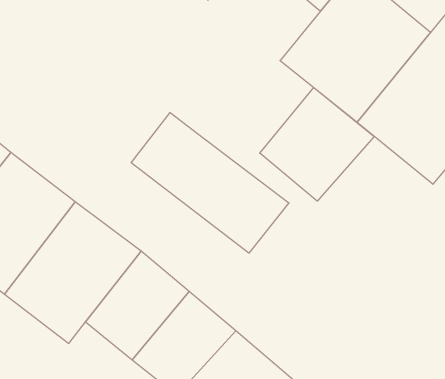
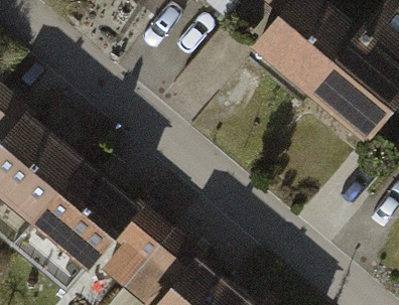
building: [260,87,374,201] -> none
building: [131,113,289,253] -> none

